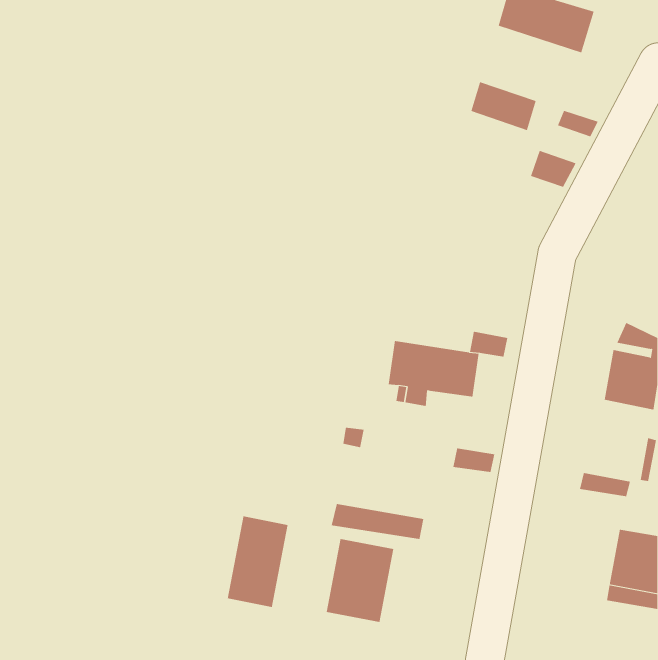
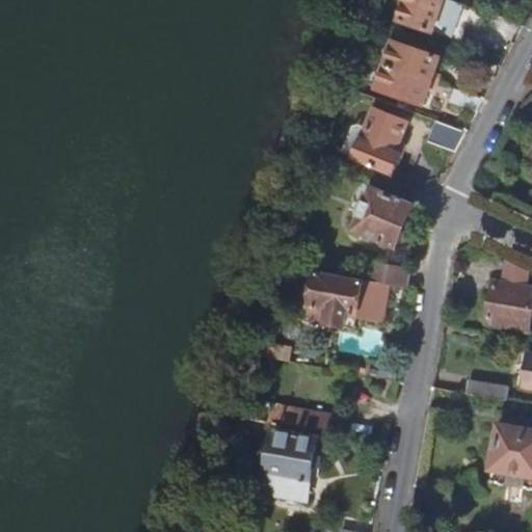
building: none -> [385,42,440,81]
building: none -> [341,111,404,174]
building: none -> [354,189,413,247]
building: [227,516,288,608] -> none

